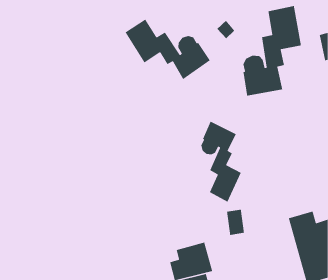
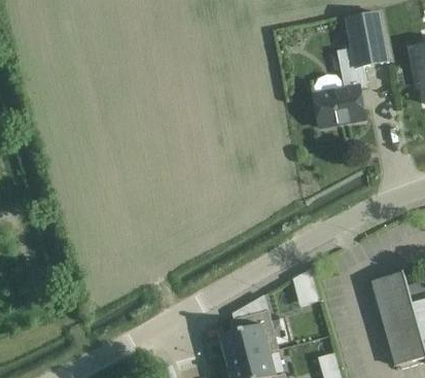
building: [124,19,211,80] -> none
building: [200,120,242,203] -> none

